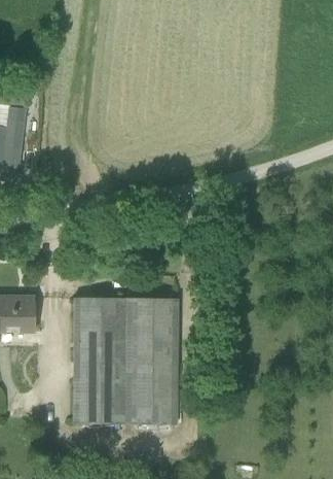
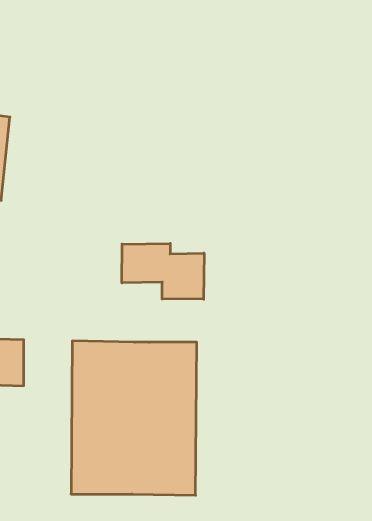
building: none -> [122,243,204,299]

